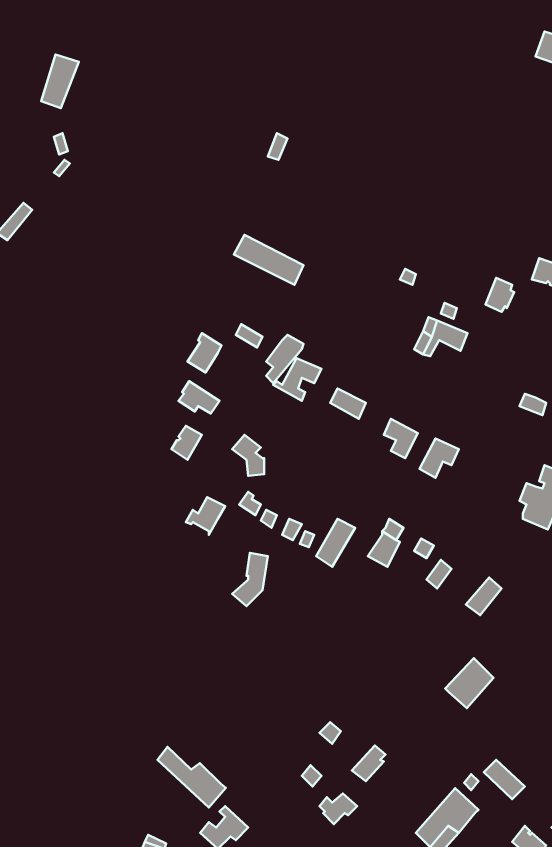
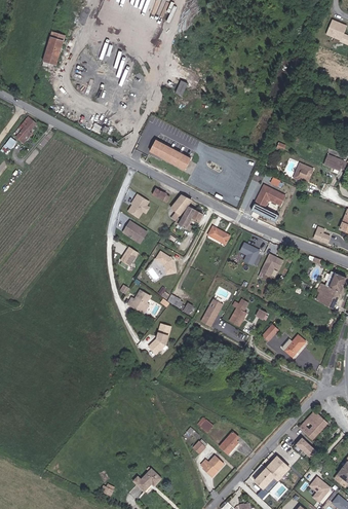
building: [445,658,493,708] -> [300,413,327,442]
building: [157,747,226,808] -> none

